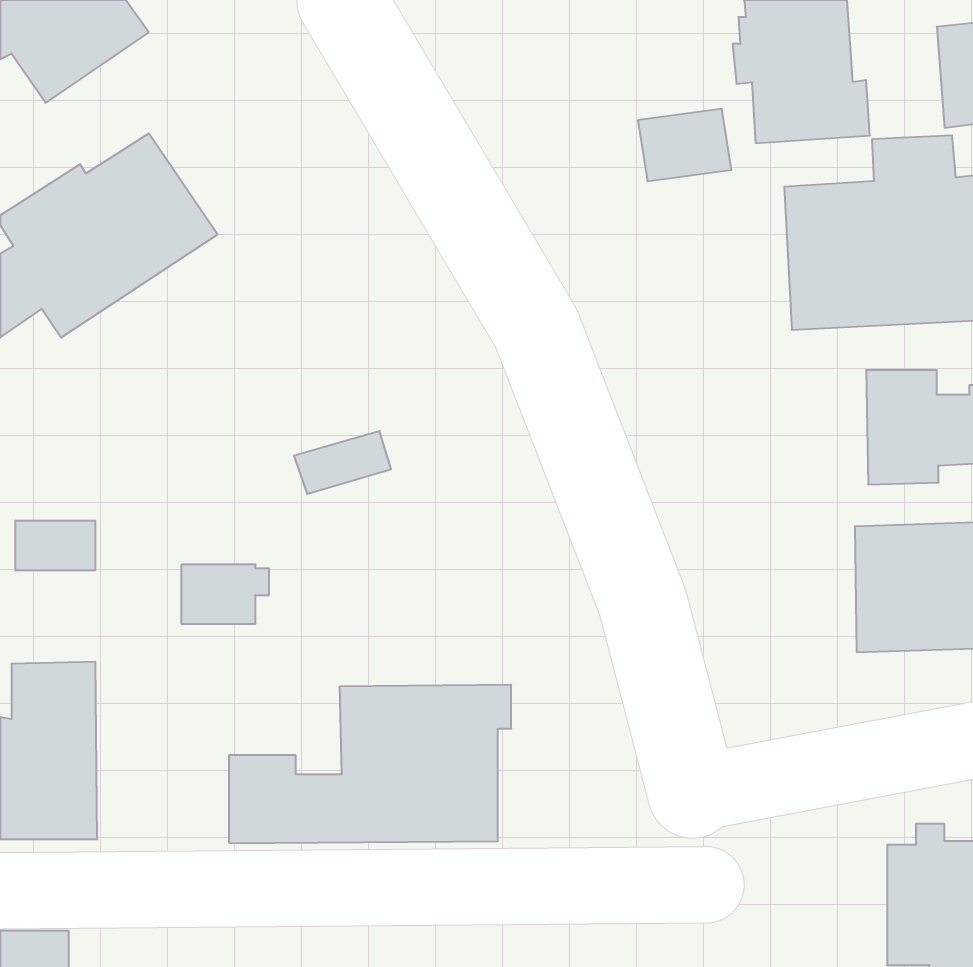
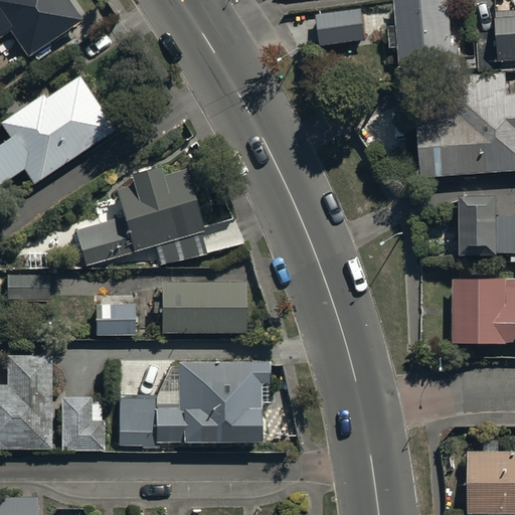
building: [638,109,731,181] -> [315,9,364,47]
building: none -> [75,162,205,264]
building: none -> [161,279,245,330]
building: none -> [62,395,107,450]

